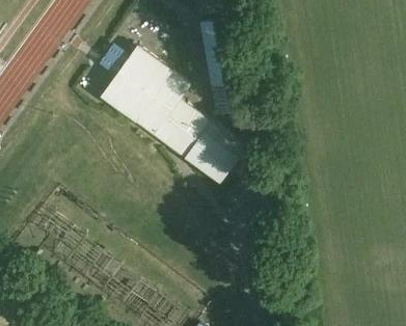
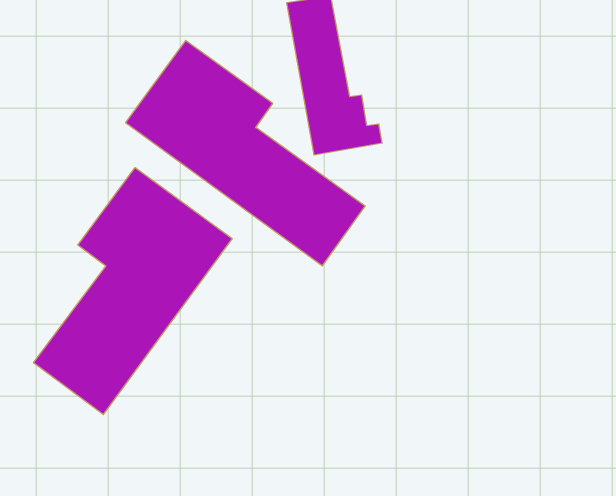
building: none -> [34,168,232,415]

